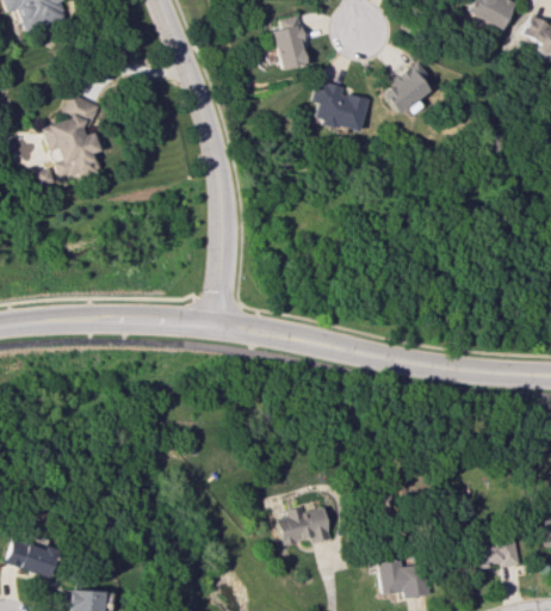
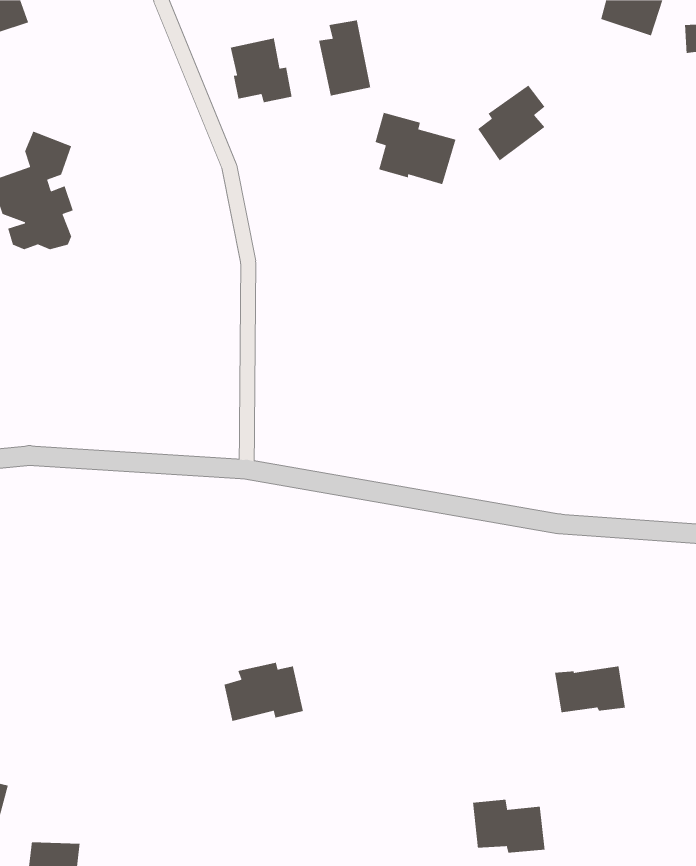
building: none -> [230,38,293,103]
building: [278,504,334,545] -> [223,662,304,722]
building: [471,535,521,568] -> [554,665,626,713]

